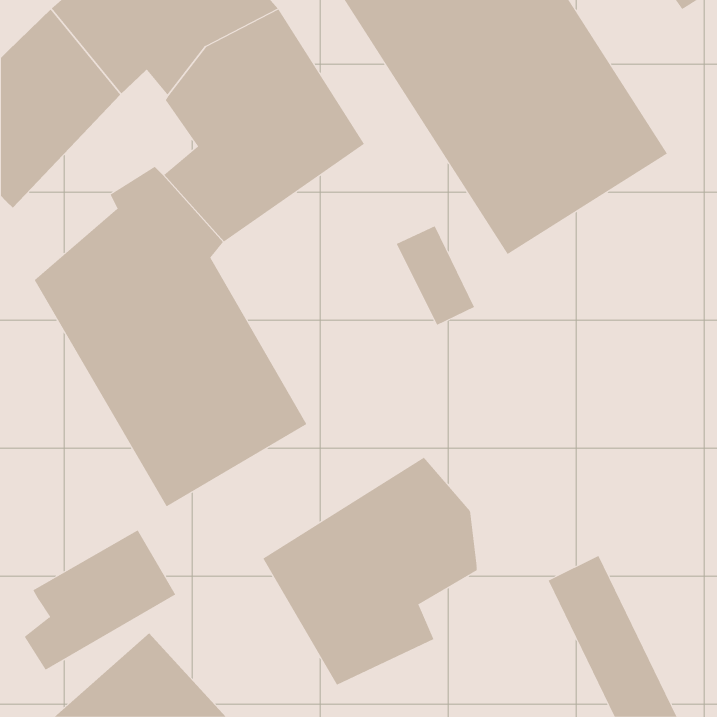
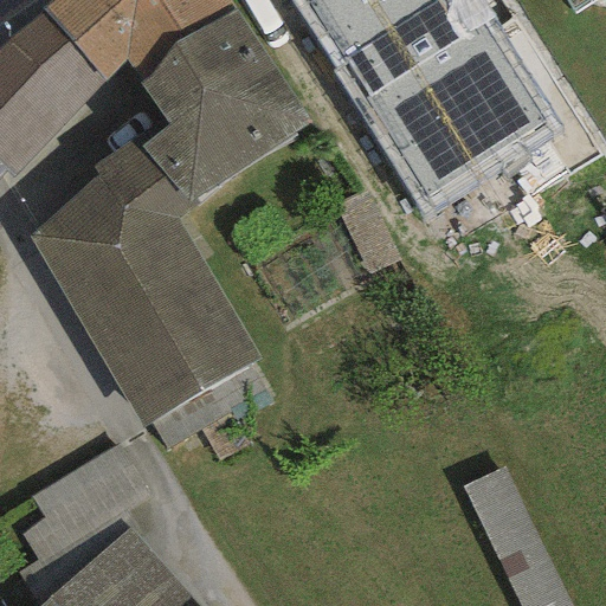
building: [263,457,477,685] -> none

